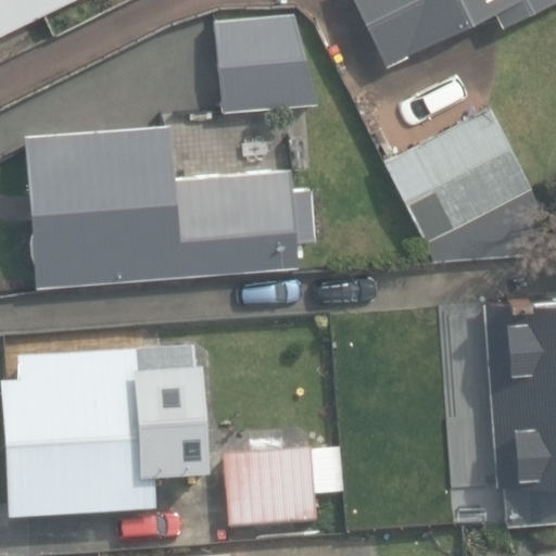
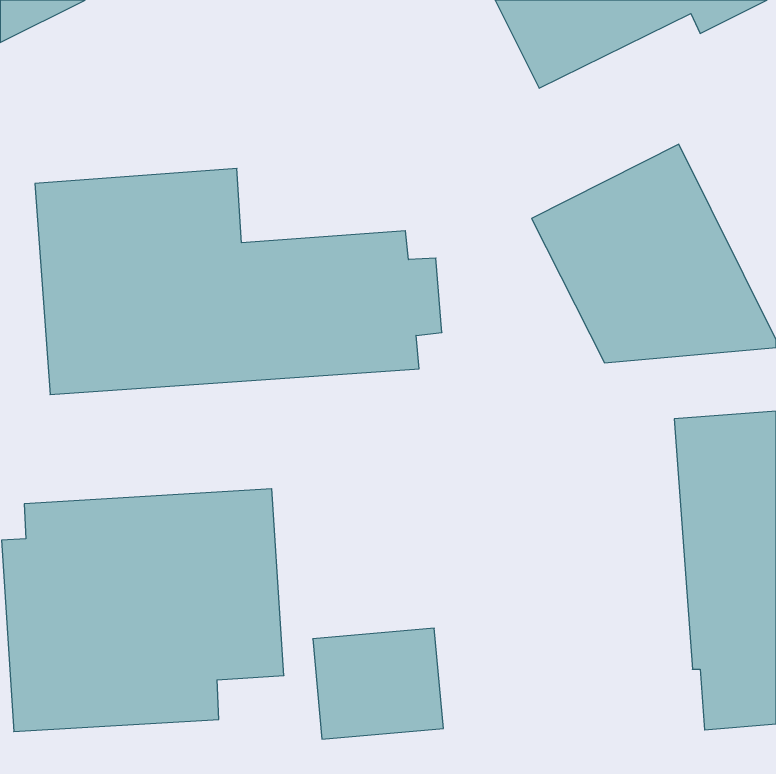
building: [213,12,317,110] -> none

